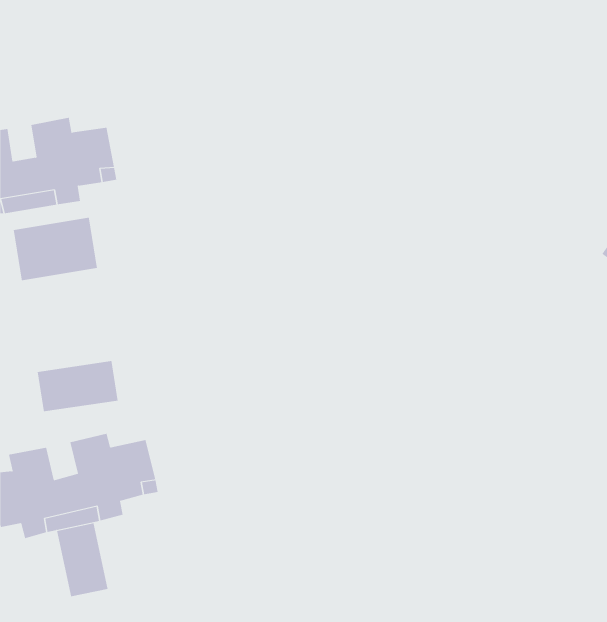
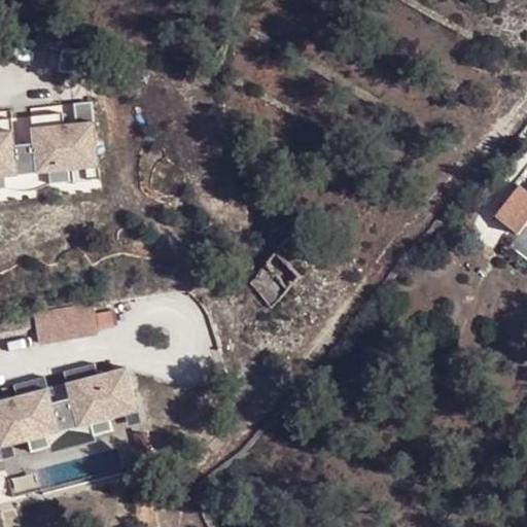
building: [13,217,98,281] -> none
building: [57,523,108,597] -> none

